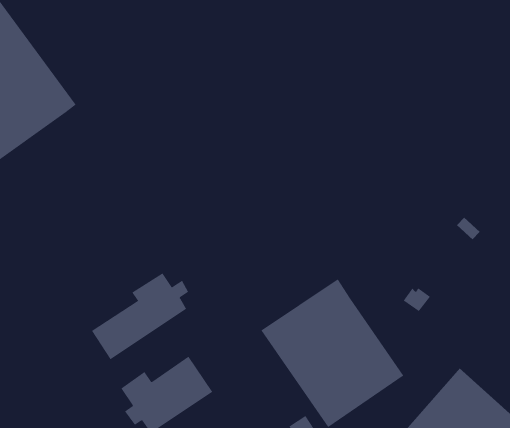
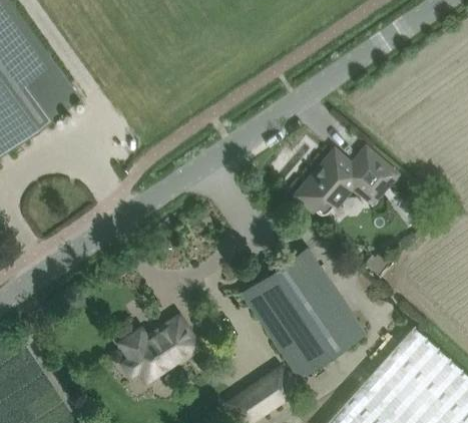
building: none -> [298,150,395,215]
building: [91,272,189,360] -> none

